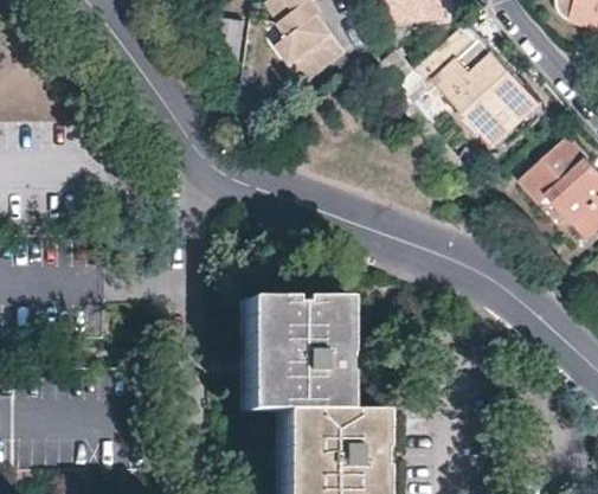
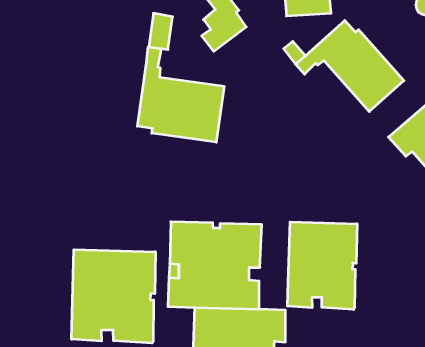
building: none -> [137,47,224,142]
building: none -> [287,222,357,310]
building: none -> [72,250,155,343]

